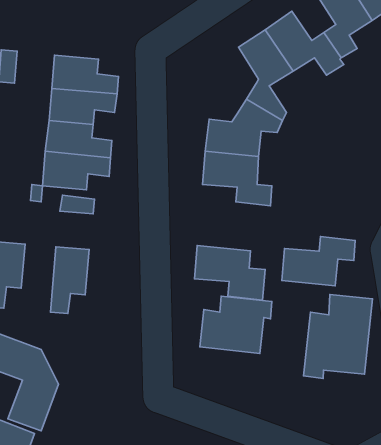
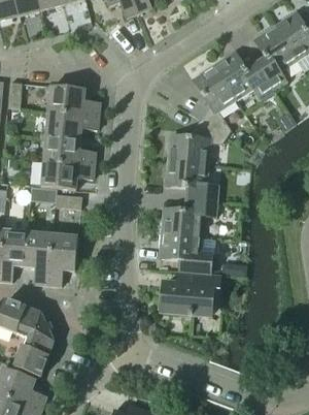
building: [282,237,355,286] -> [161,198,217,236]
building: none -> [25,231,52,284]
building: [304,294,372,379] -> none

